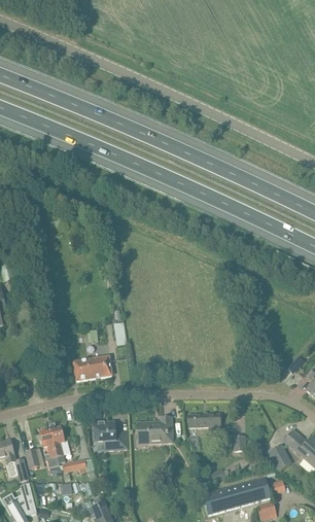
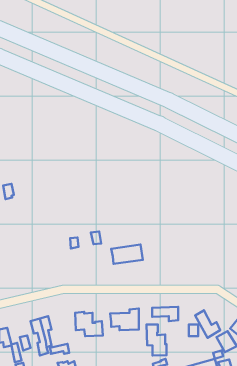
building: [73,356,112,380] -> [111,245,143,264]
building: none -> [195,310,220,338]
building: none -> [147,324,167,355]

